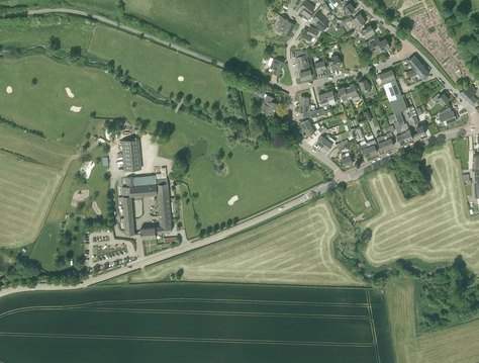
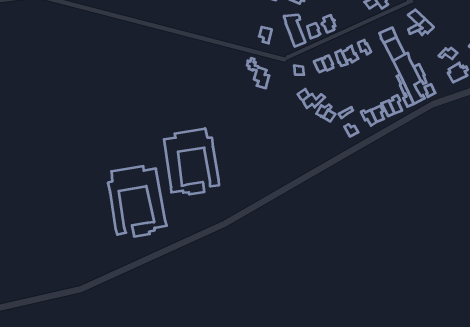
building: [122,141,141,172] -> none
building: none -> [164,128,219,194]

